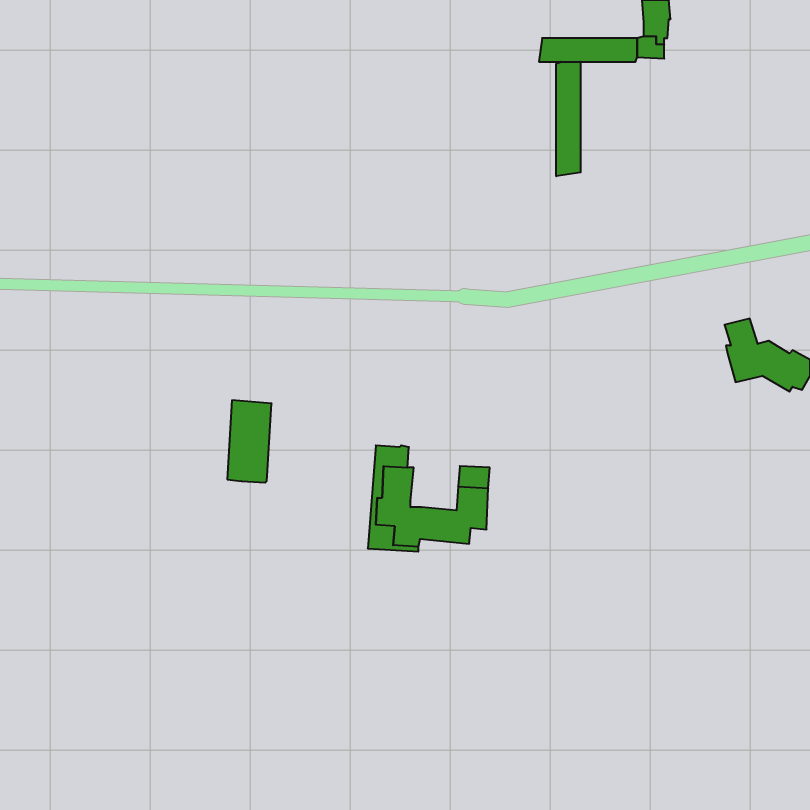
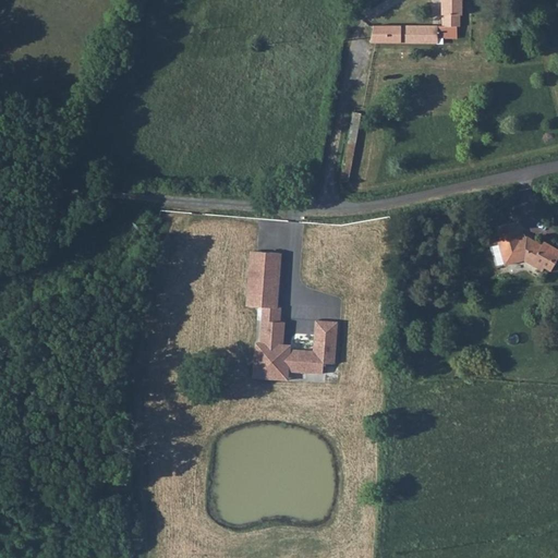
building: [556,62,581,176] -> none
building: [227,400,272,483] -> [248,251,279,307]

